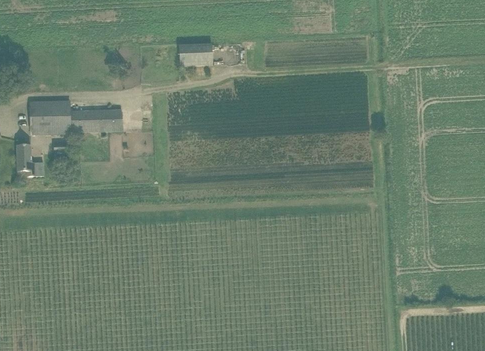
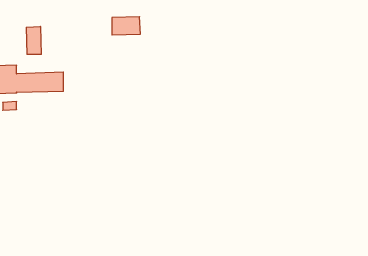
building: none -> [26,26,41,54]

